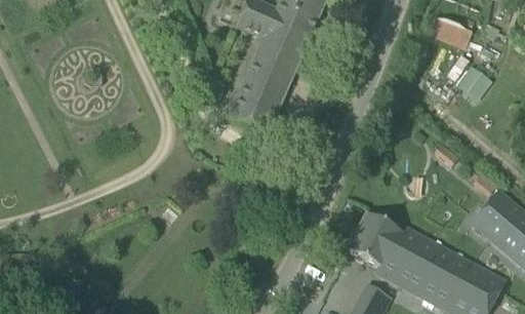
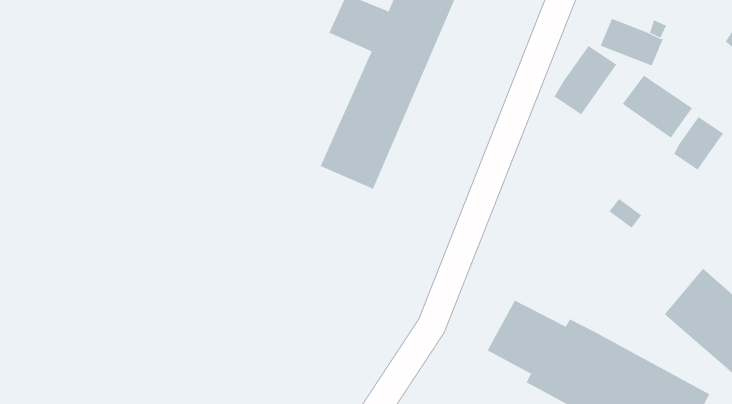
building: none -> [553,45,617,115]
building: none -> [672,116,724,170]

